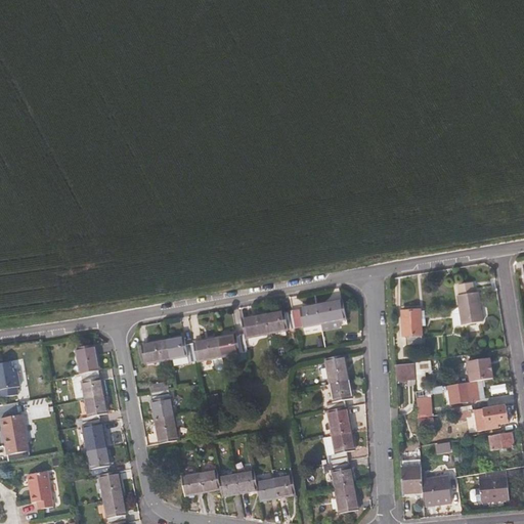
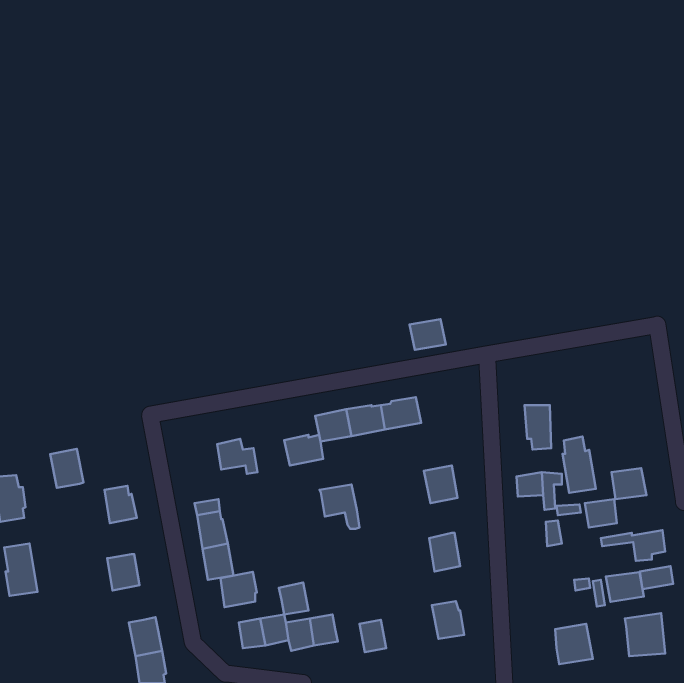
building: [456,280,482,323] -> [562,437,596,493]
building: [317,299,345,322] -> [410,319,446,350]
building: [192,336,223,369] -> [319,484,360,529]
building: [140,339,169,363] -> none
building: [75,344,100,374] -> [50,449,84,488]
building: [325,380,352,410] -> none
building: [82,395,107,426] -> none
building: [329,432,354,462] -> none
building: none -> [221,572,257,607]
building: none -> [606,572,644,602]
building: [86,446,110,476] -> none
building: [400,458,422,493] -> none
building: [28,472,54,510] -> none
building: [256,476,278,500] -> [279,582,308,615]
building: [335,484,358,512] -> none

